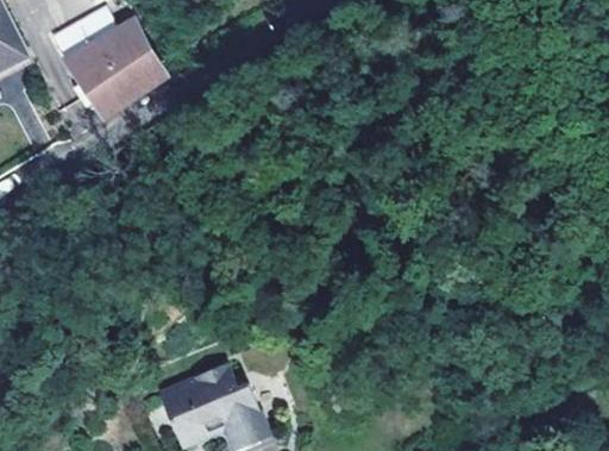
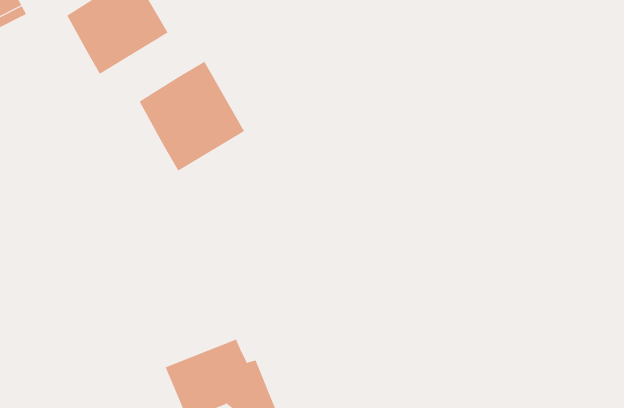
building: none -> [139,61,245,171]

